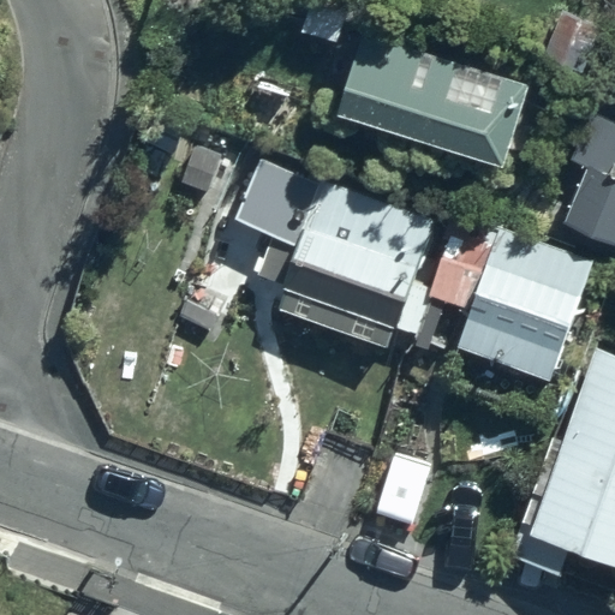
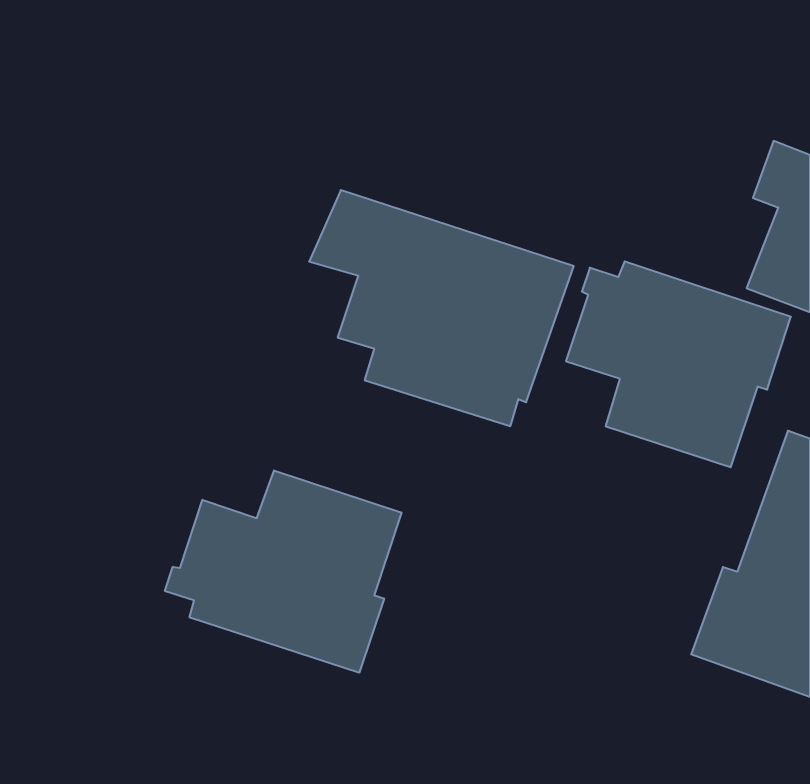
building: [339,26,527,155] -> none
building: none -> [165,470,401,673]

